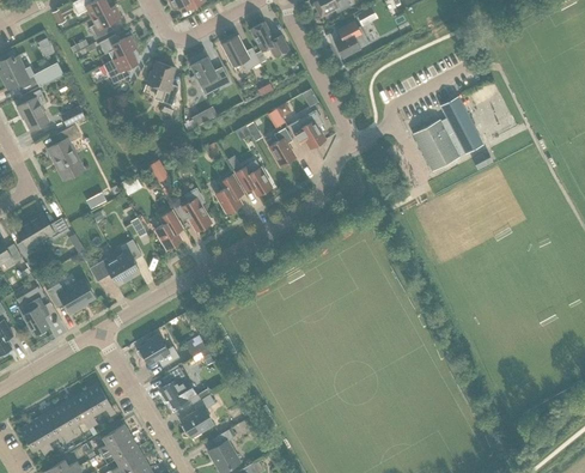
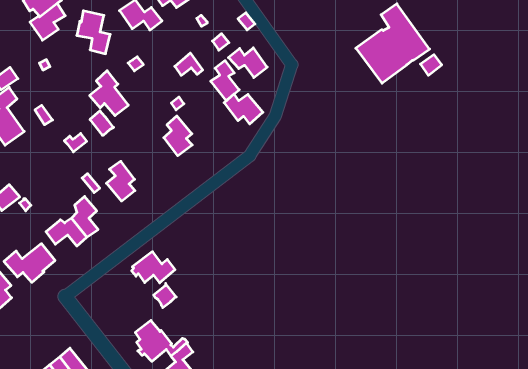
building: [236,165,272,196] -> [224,94,263,124]
building: [175,187,211,231] -> [90,71,128,116]
building: [136,336,178,368] -> [132,252,175,283]

